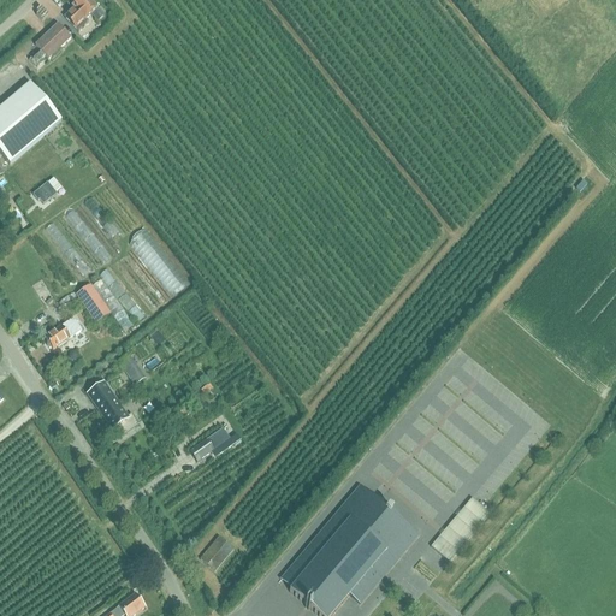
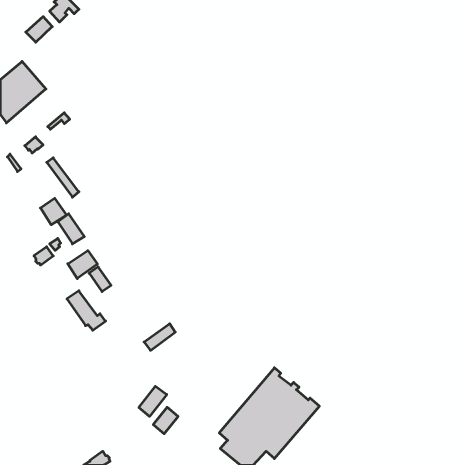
building: none -> [40,198,66,225]
building: none -> [68,251,97,279]
building: none -> [139,386,167,416]

